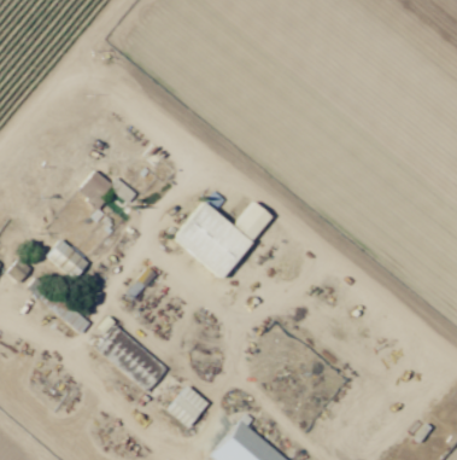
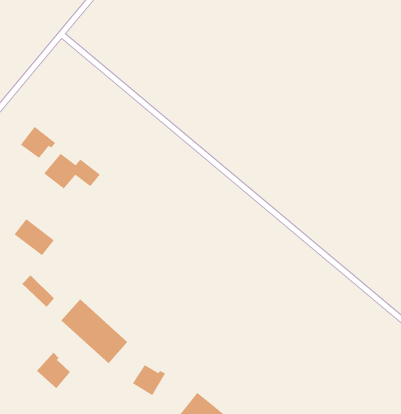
building: none -> [20,126,56,159]
building: [172,202,273,279] -> none
building: none -> [36,352,71,389]

